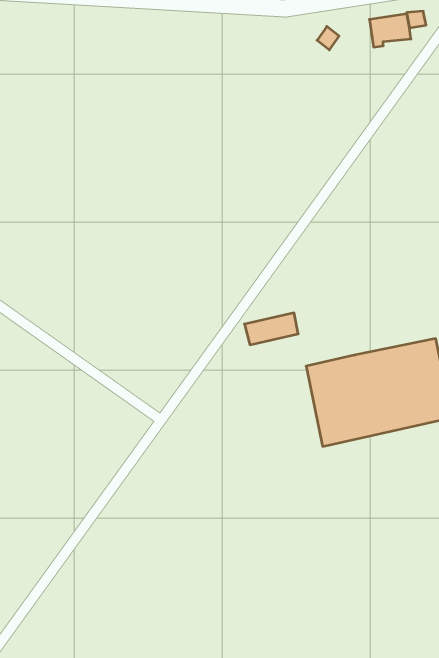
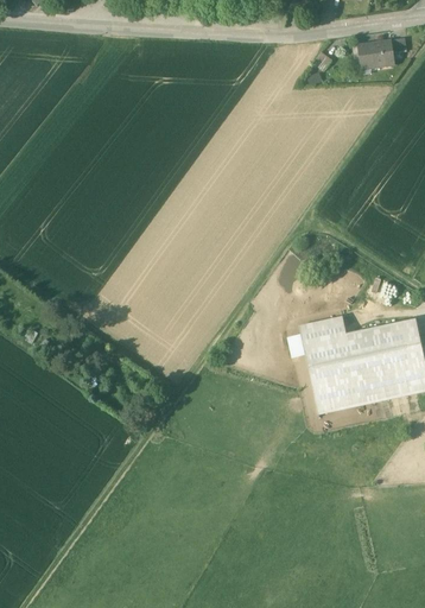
building: [244,313,298,345] -> [300,316,347,343]

